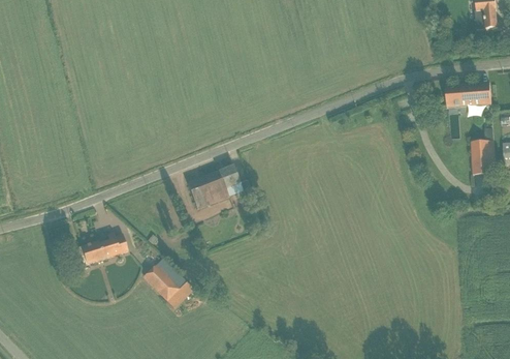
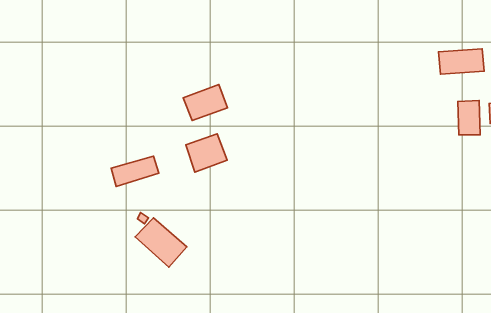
building: none -> [183,84,227,120]
building: [86,232,134,263] -> [111,156,159,186]

